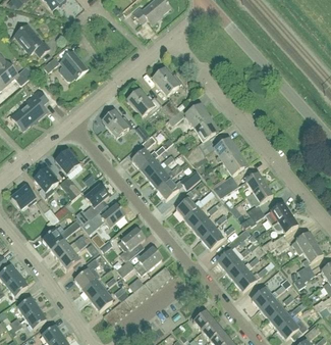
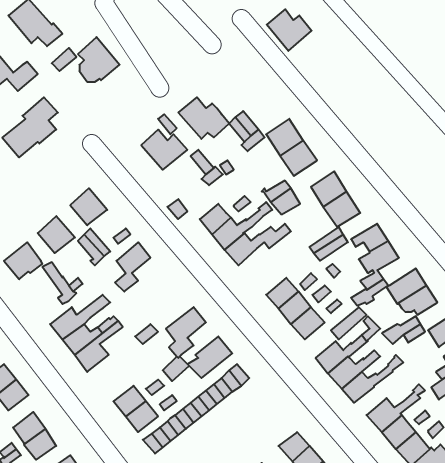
building: [152,67,181,95] -> [267,9,312,51]
building: [131,138,173,169] -> none
building: [175,190,214,219] -> none
building: [80,203,125,234] -> none
building: [74,257,100,290] -> none

